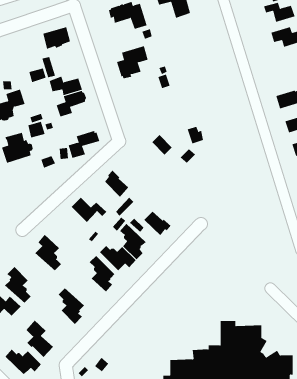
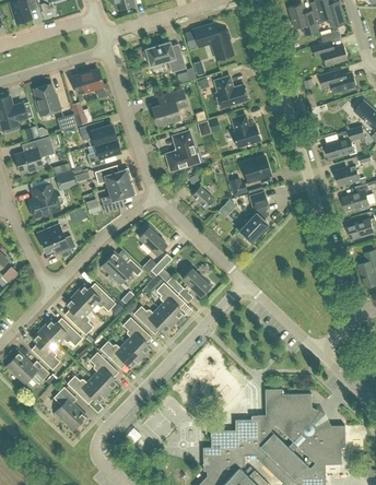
building: none -> [213,75,247,108]
building: none -> [33,83,60,115]
building: none -> [231,115,260,146]
building: none -> [166,131,200,169]
building: none -> [240,156,270,182]
building: none -> [94,168,130,188]
building: none -> [237,191,268,241]
building: none -> [37,224,75,255]
building: none -> [74,283,115,311]
building: none -> [42,318,82,345]
building: none -> [99,341,141,368]
building: [5,348,42,375] -> [67,375,107,403]

